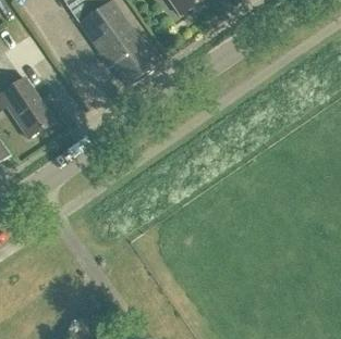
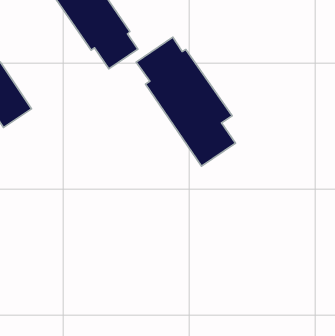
building: none -> [136,37,236,166]

